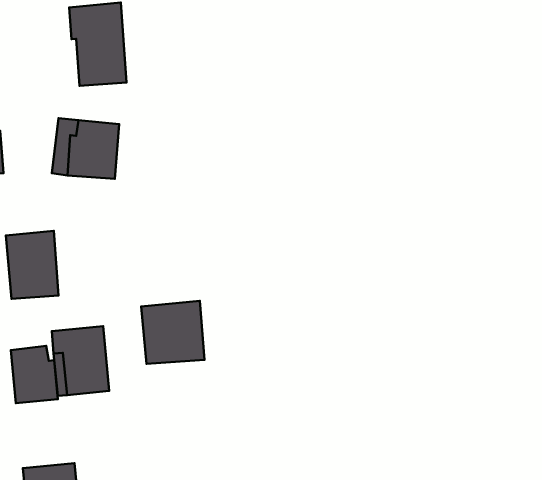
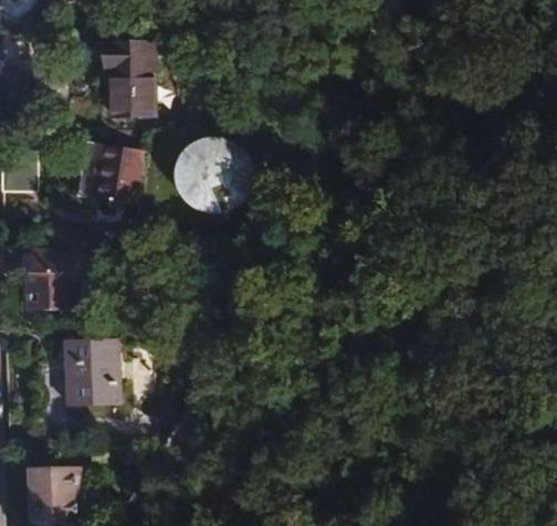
building: none -> [175,136,252,213]
building: [141,301,204,364] -> none
building: [11,346,58,403] -> none

